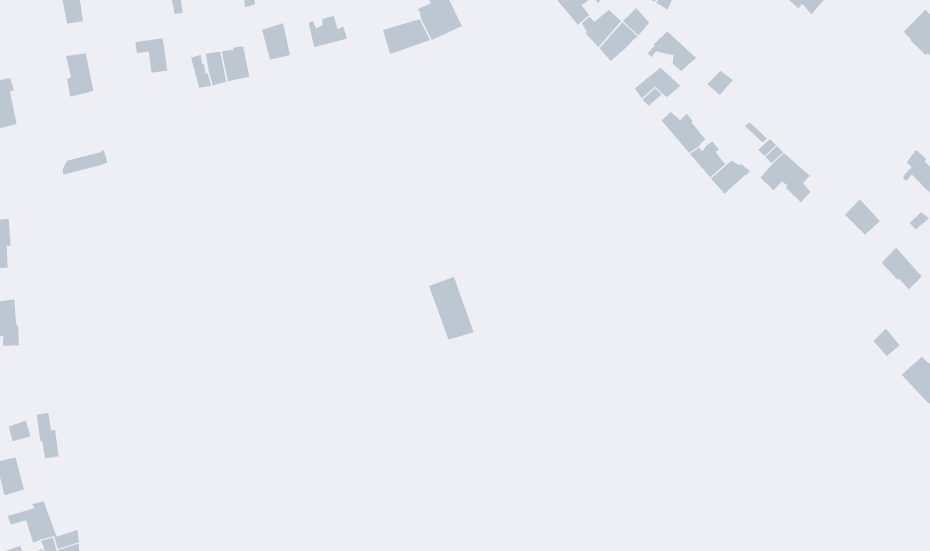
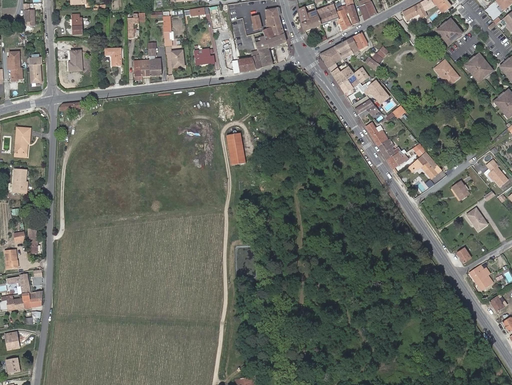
building: [428,276,475,340] -> [225,132,245,164]

